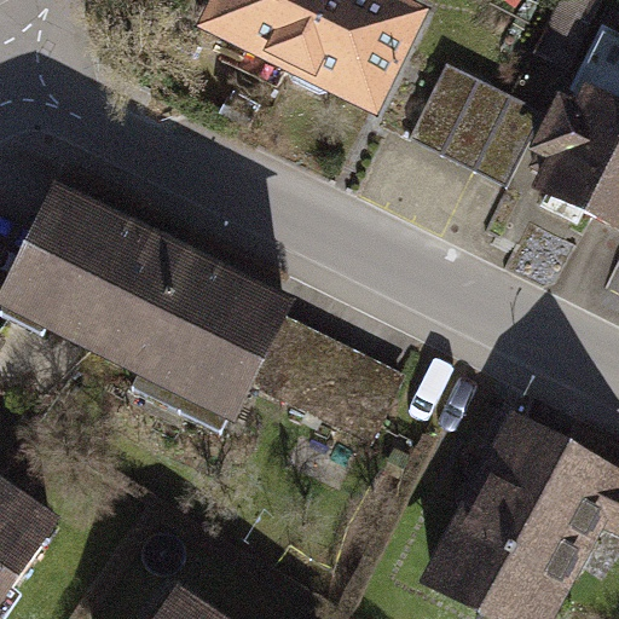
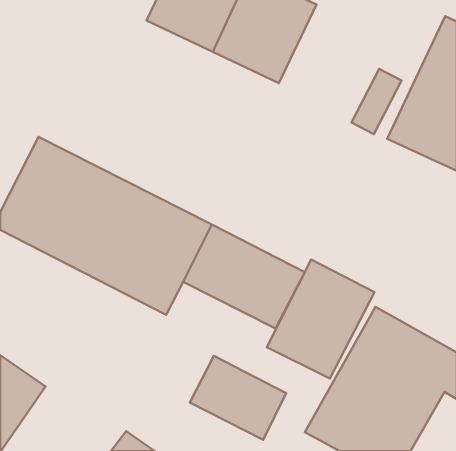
building: [410,59,514,166] -> none
building: none -> [267,260,374,379]
building: none -> [190,356,286,440]

